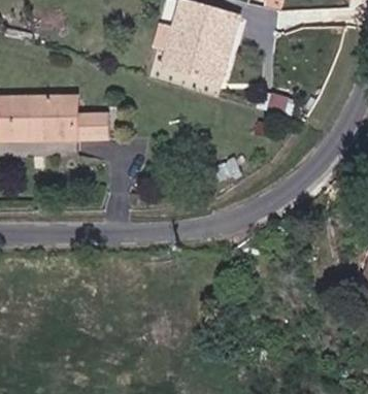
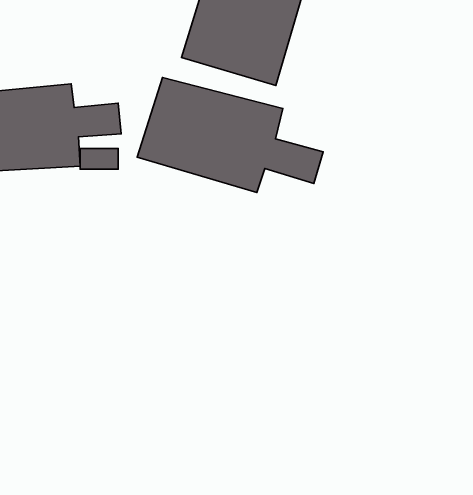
building: none -> [137,78,323,193]

